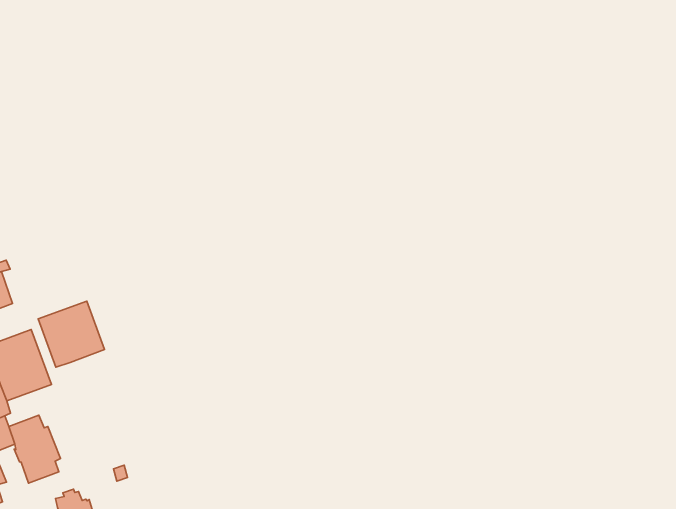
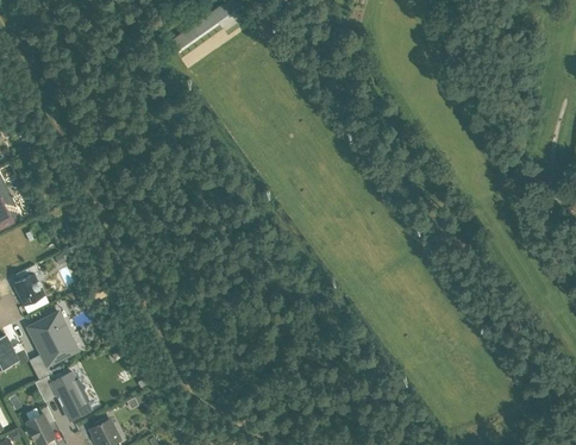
building: [38,301,104,367] -> none

